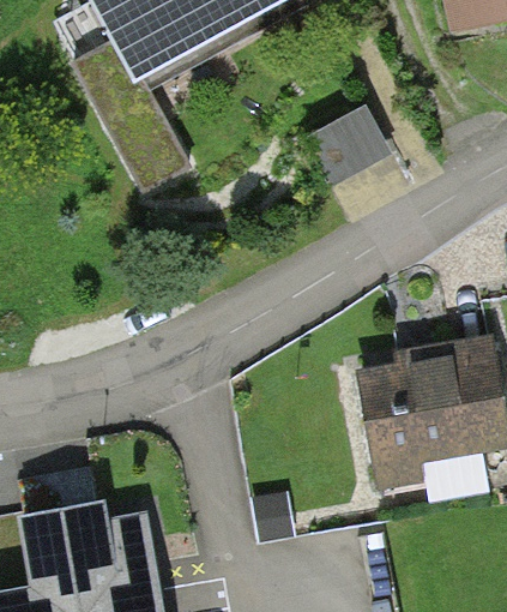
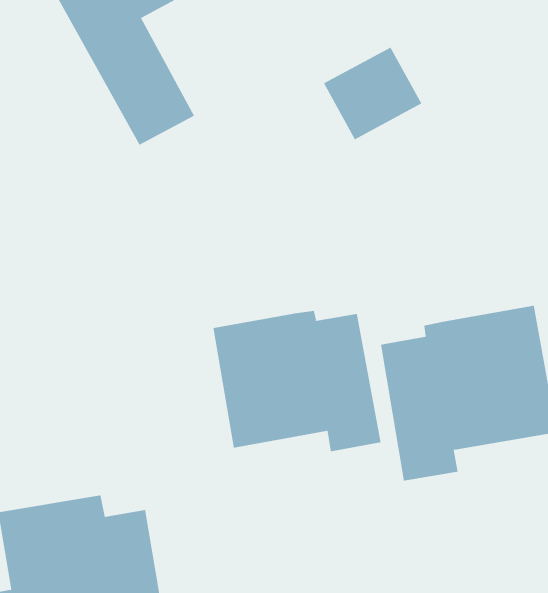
building: none -> [213,310,381,452]

